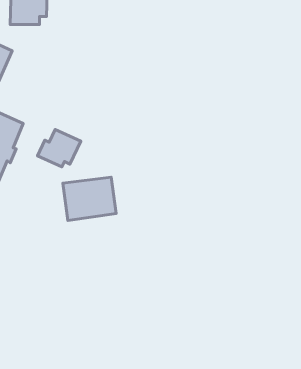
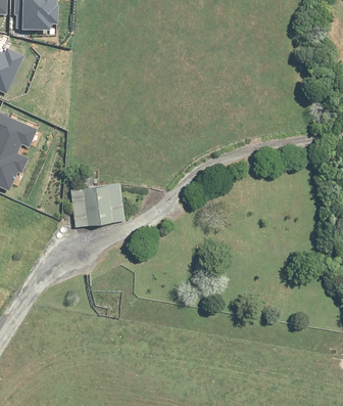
building: [37,129,81,167] -> none

